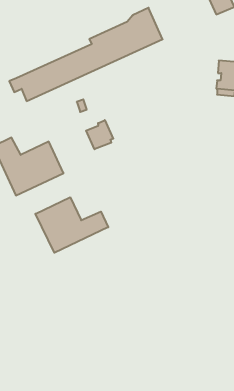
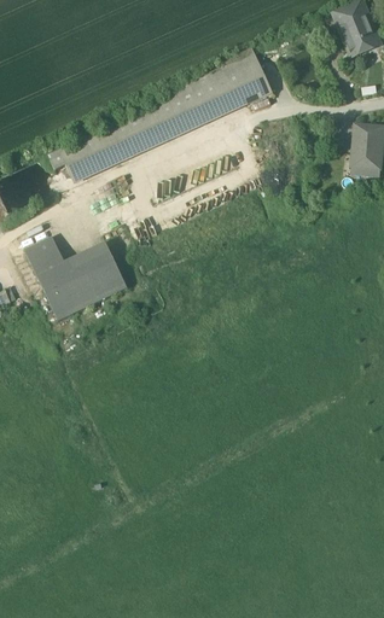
building: [86,120,113,149] -> none
building: [35,197,108,253] -> none

